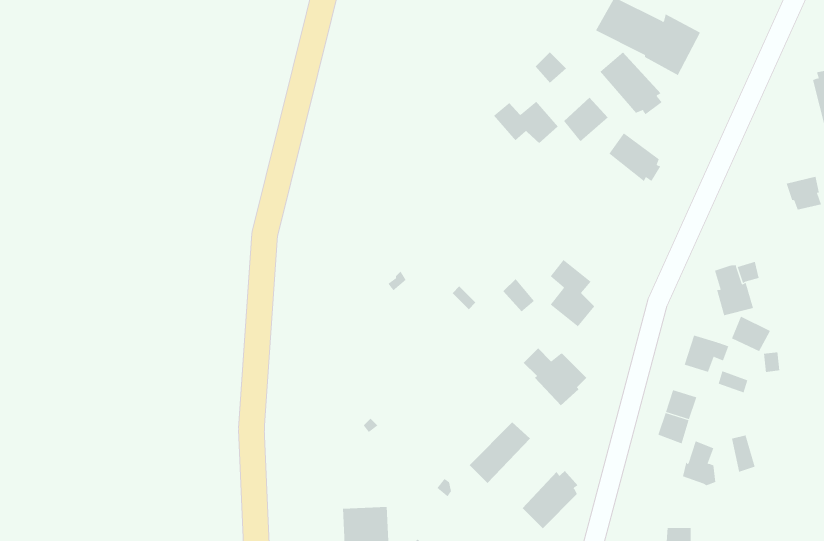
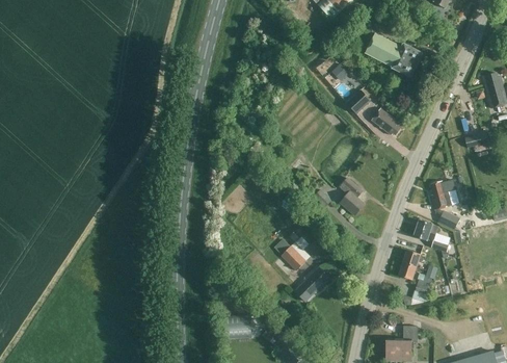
building: [600,52,663,115] -> none
building: [493,101,558,144] -> none
building: [523,348,587,406] -> [275,238,311,270]
building: [522,470,578,529] -> none

